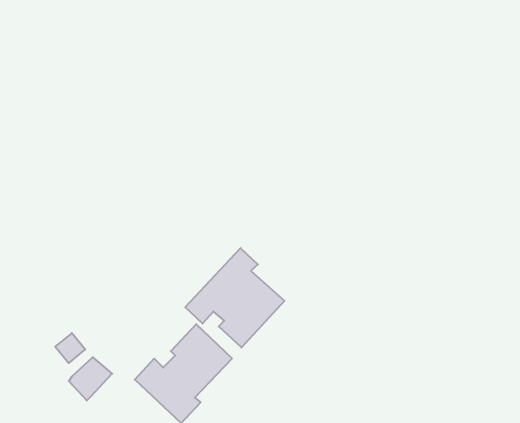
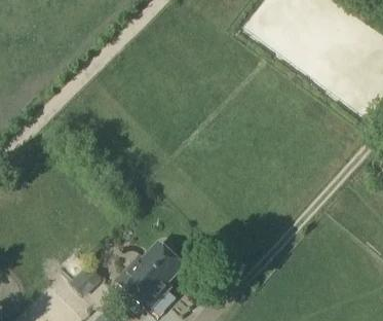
building: [185,248,284,348] -> none

